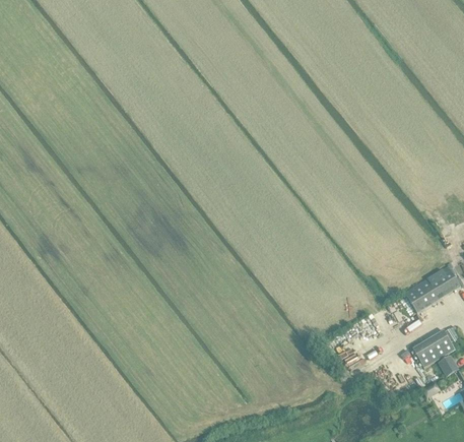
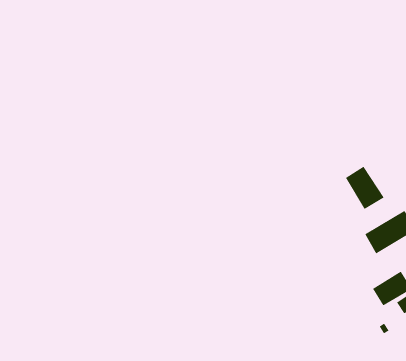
building: none -> [345,166,385,210]

